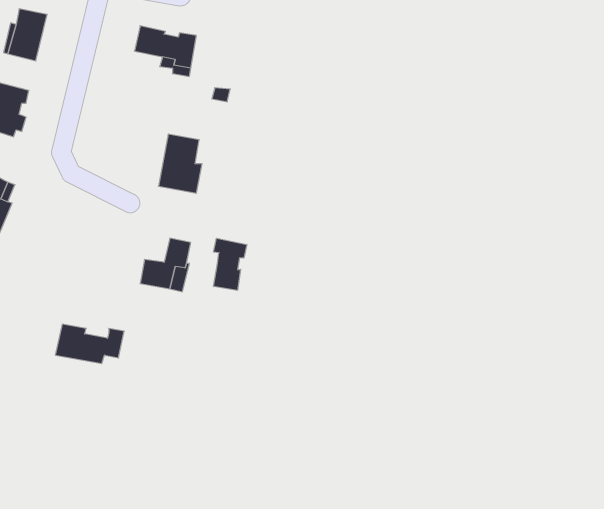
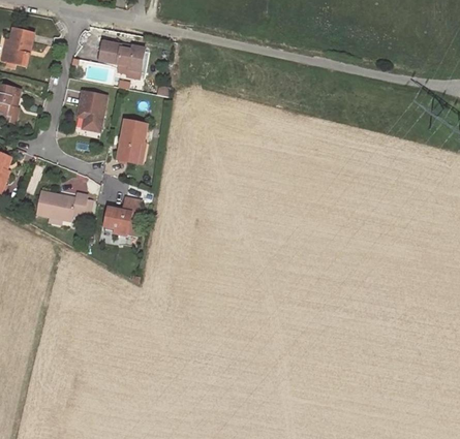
building: none -> [79,90,106,130]
building: [213,238,247,290] -> none
building: [55,324,124,364] -> [36,189,87,218]

